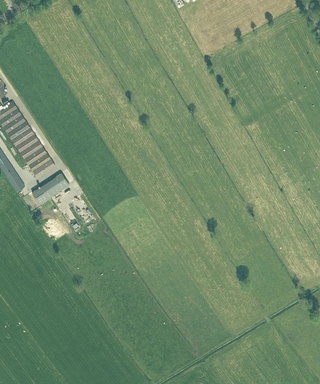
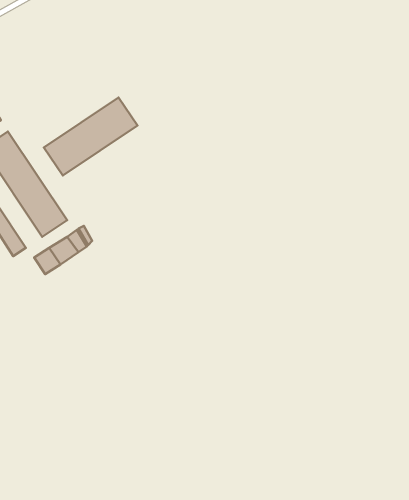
building: none -> [44,97,137,176]

